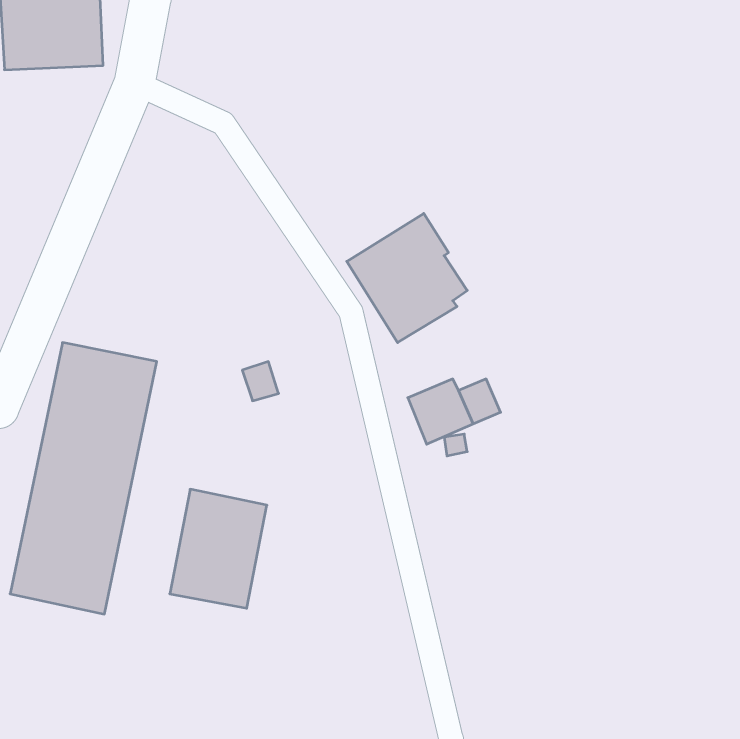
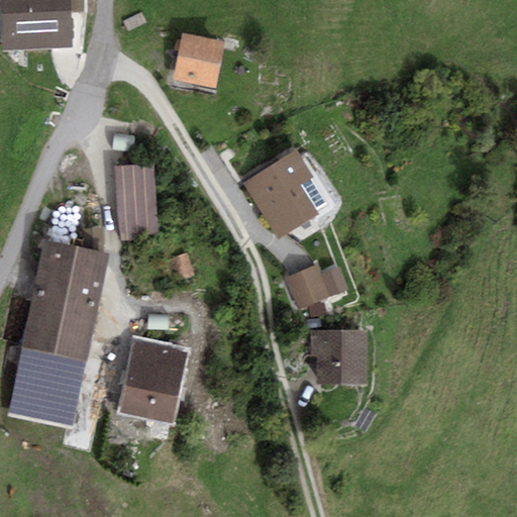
building: none -> [173,33,223,87]
building: none -> [112,165,157,242]
building: none -> [309,329,366,387]

